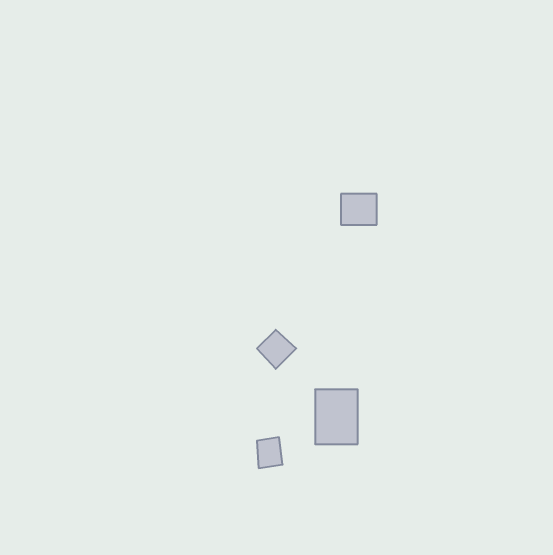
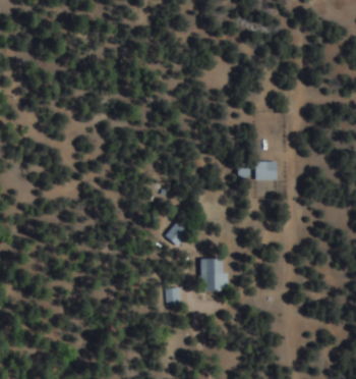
building: [341,194,377,225] -> [255,160,277,178]

